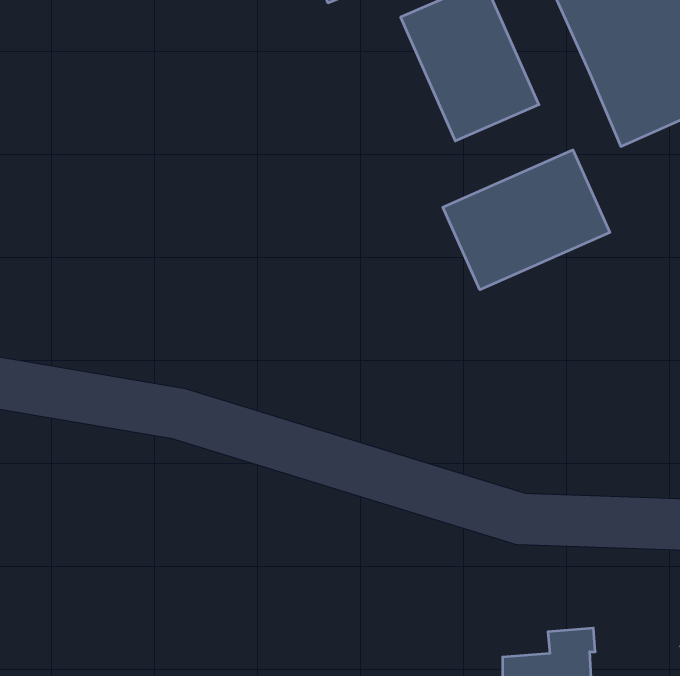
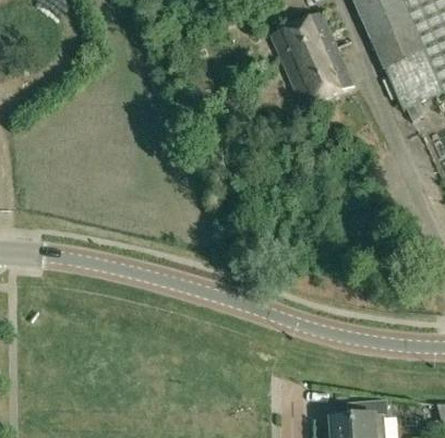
building: [443,150,610,290] -> none

